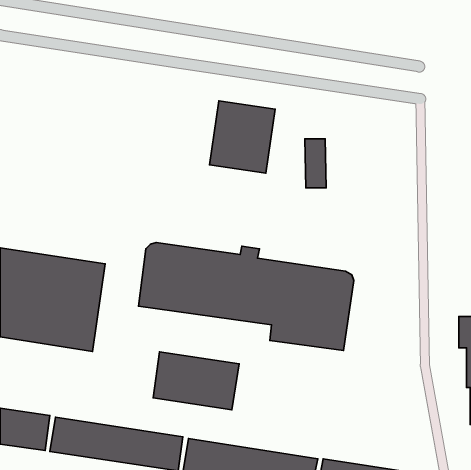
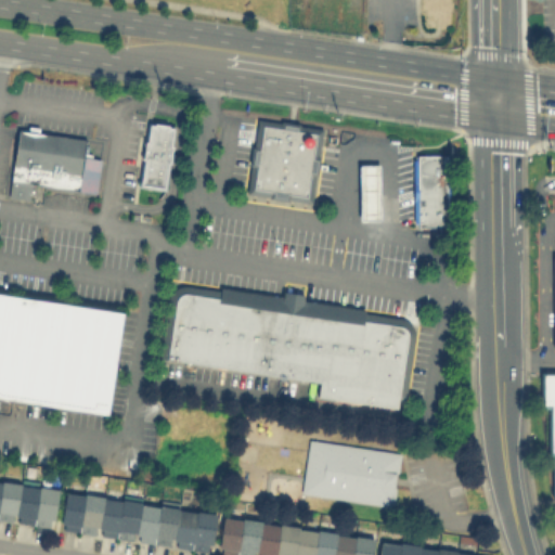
building: none -> [141,124,177,188]
building: none -> [9,131,101,201]
building: none -> [416,156,450,231]
building: [153,352,239,410] -> [301,441,402,509]

